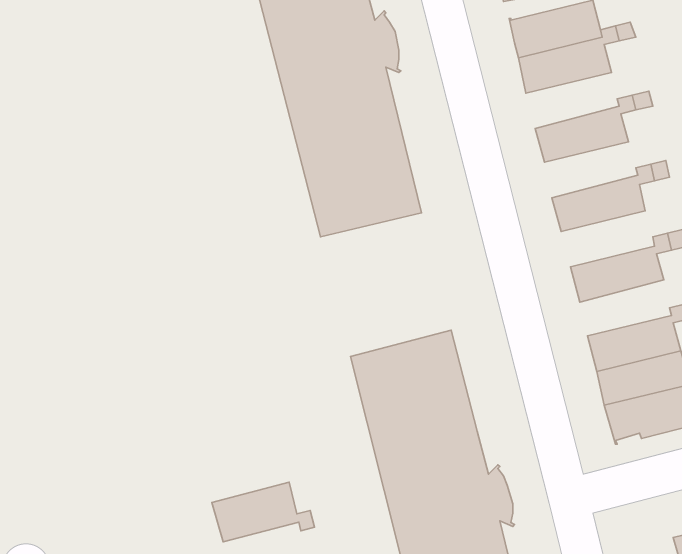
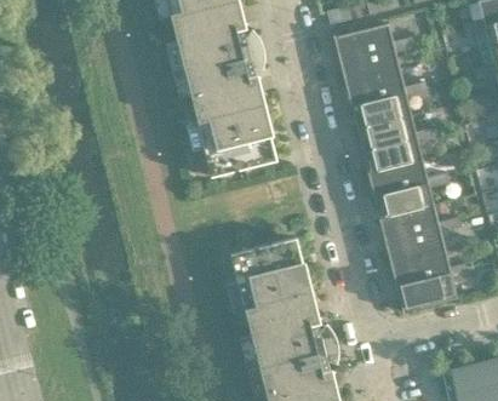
building: none -> [345,70,406,107]
building: none -> [357,115,418,151]
building: none -> [368,160,429,196]
building: none -> [380,205,440,241]
building: [212,482,314,542] -> none

